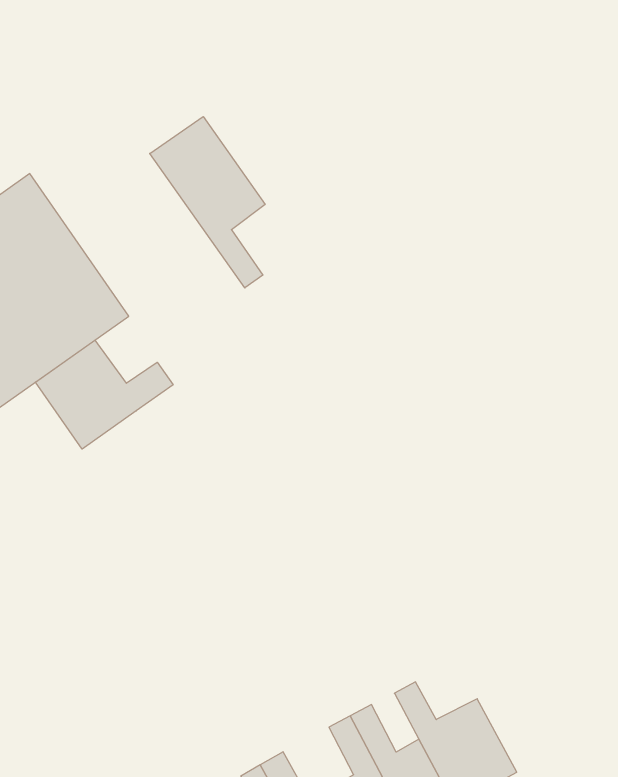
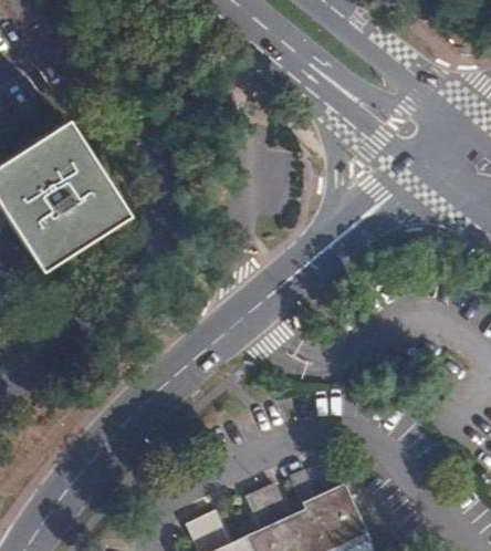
building: [150,117,265,288] -> none
building: [35,340,173,449] -> none

